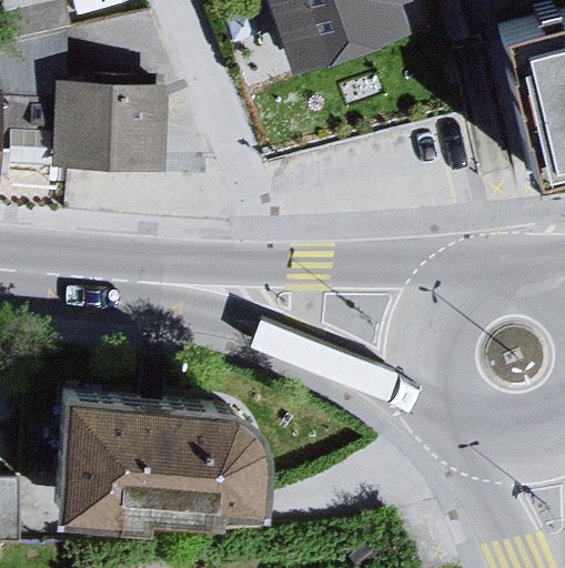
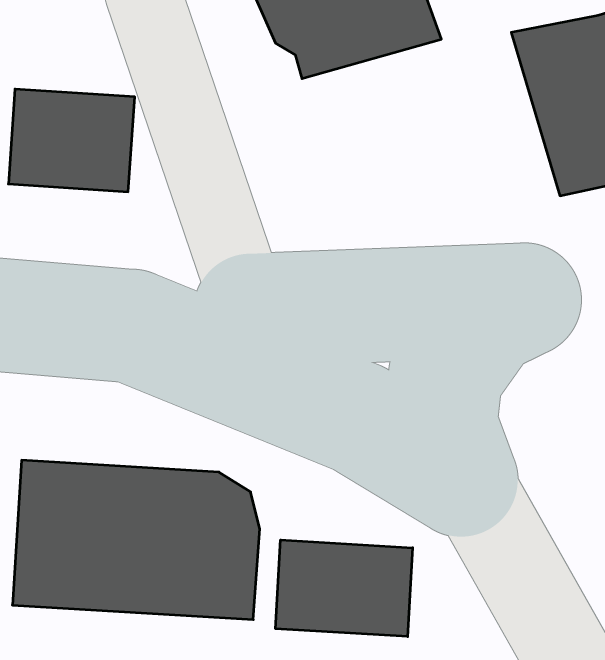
building: none -> [276,540,413,637]

